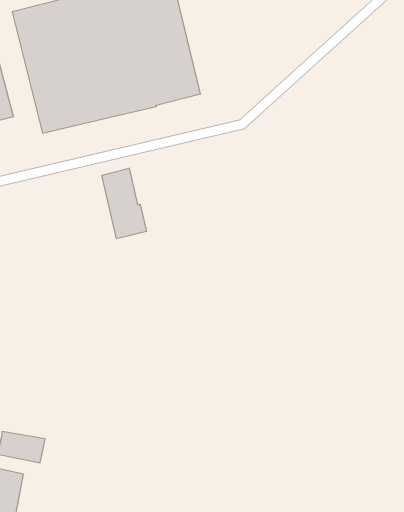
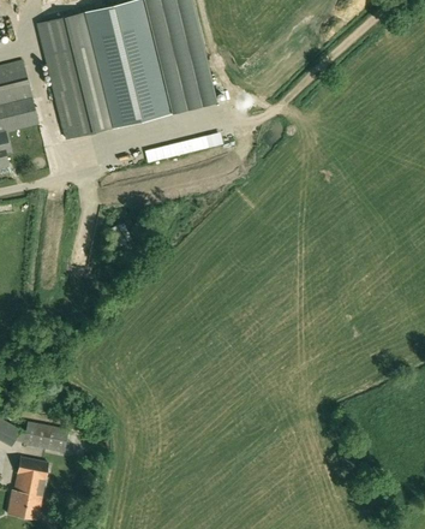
building: [102,168,147,239] -> none

